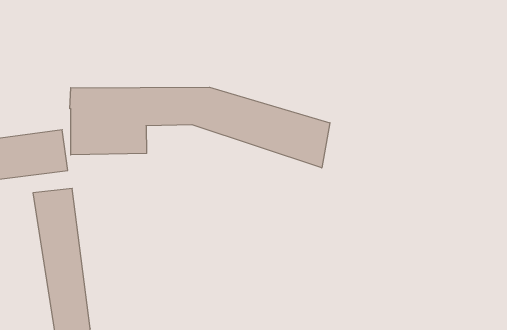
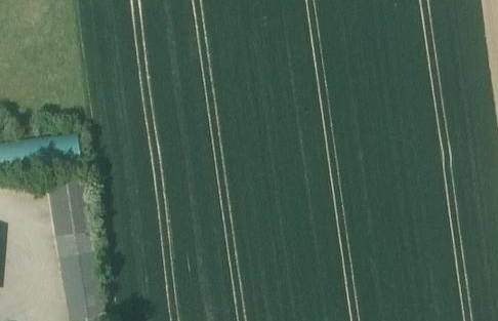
building: [70,87,330,168] -> none

